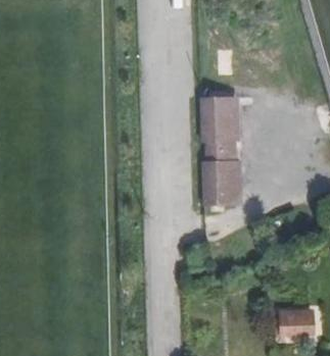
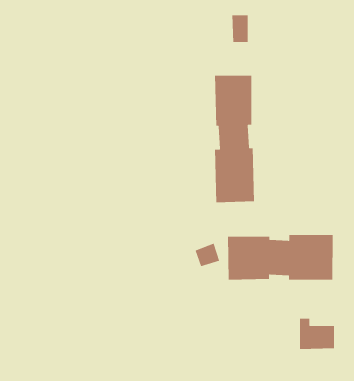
building: none -> [227,234,334,281]

